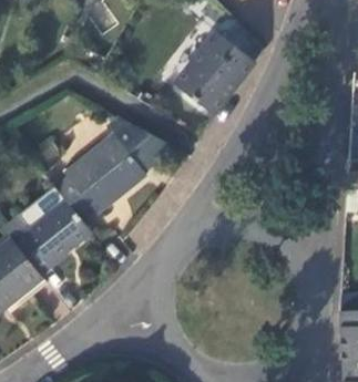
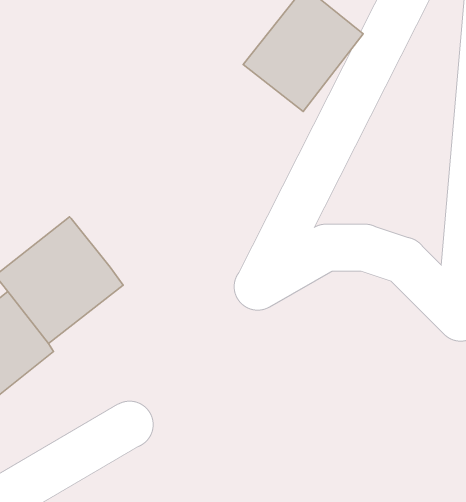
building: [55,120,170,221] -> none

